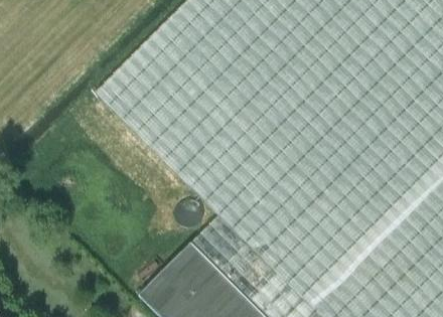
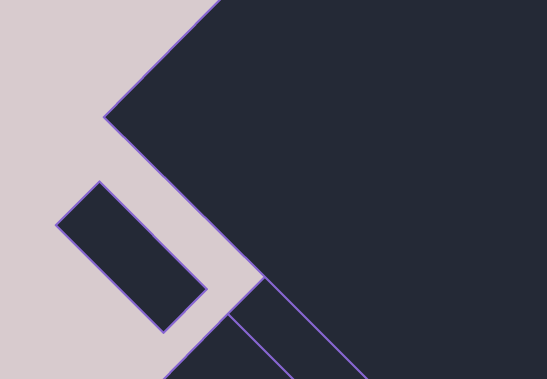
building: none -> [56,182,207,333]

